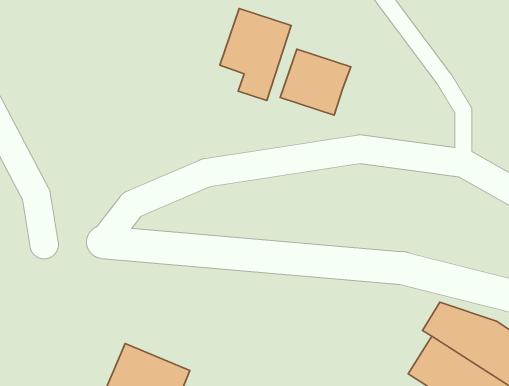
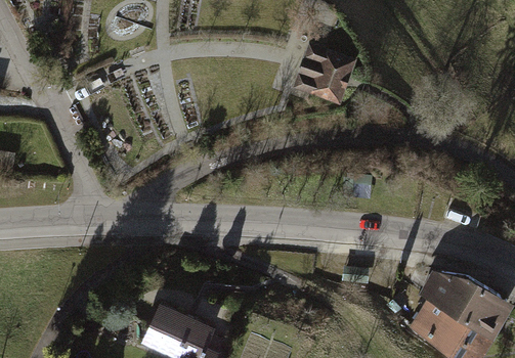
building: [220,9,291,100] -> none

